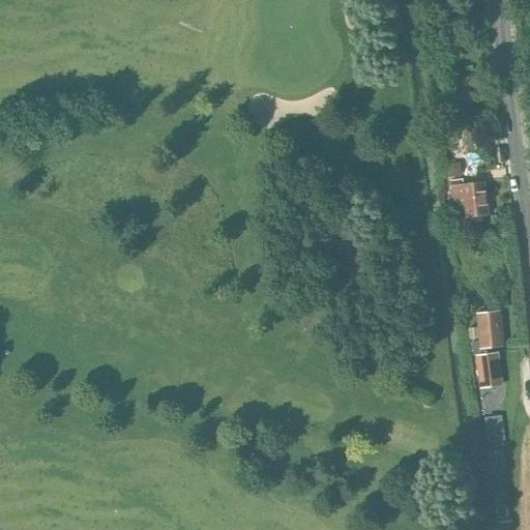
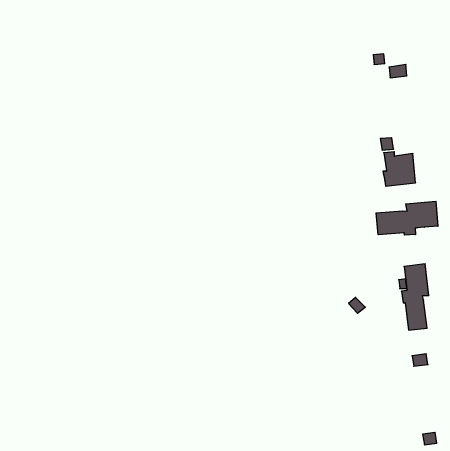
building: none -> [376,201,438,235]

